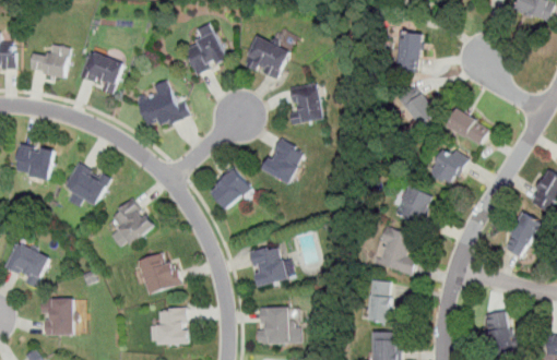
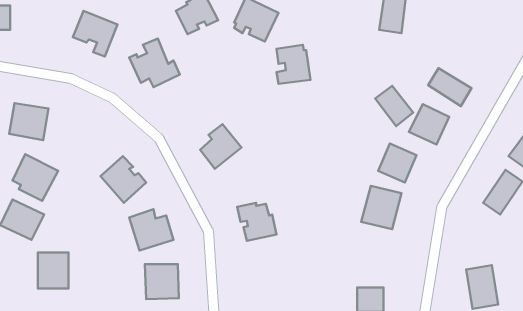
building: [29,44,71,79] -> none
building: [398,86,437,128] -> [375,86,413,126]
building: [262,137,301,183] -> none
building: [63,159,110,207] -> [13,154,58,201]
building: [367,279,392,322] -> none
building: [256,305,288,345] -> none

